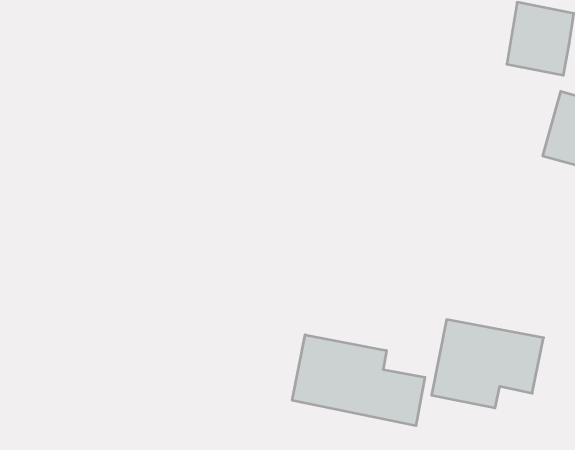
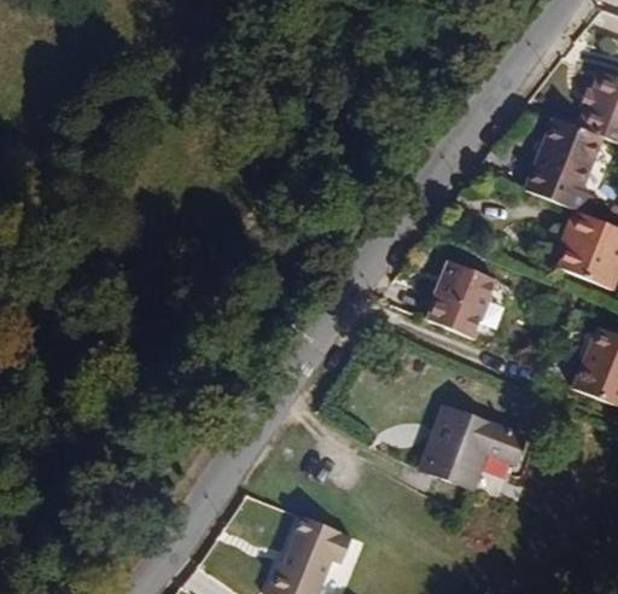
building: none -> [425,258,502,340]
building: [292,335,425,426] -> none

